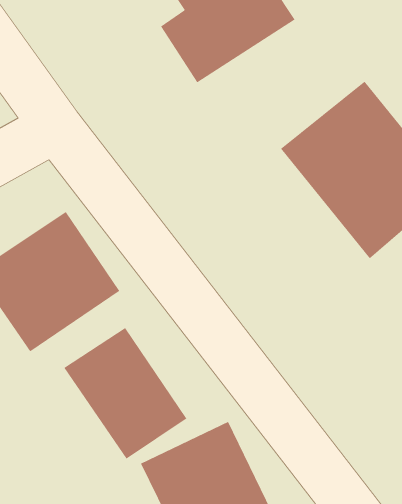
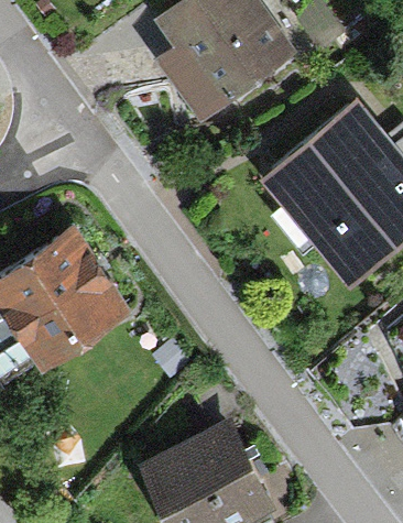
building: [63,327,187,460] -> none

